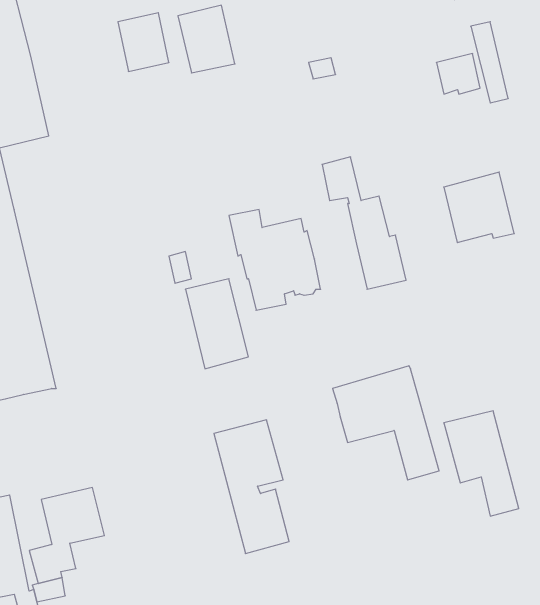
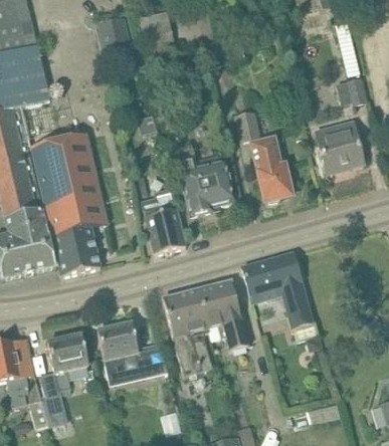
building: [436,54,480,94] -> [336,77,365,104]
building: none -> [28,134,106,276]
building: [444,411,519,516] -> [197,279,247,350]
building: none -> [96,321,166,385]

